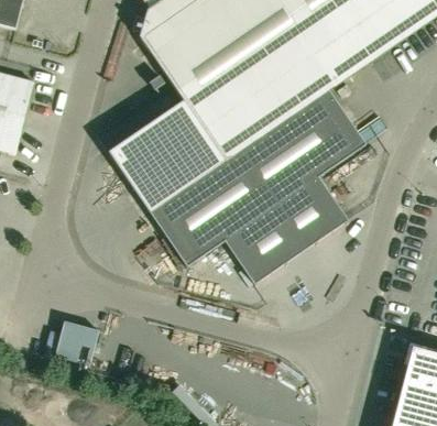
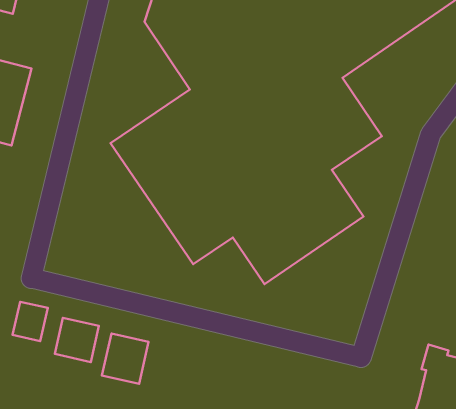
building: none -> [13,302,48,341]
building: none -> [102,333,149,384]

